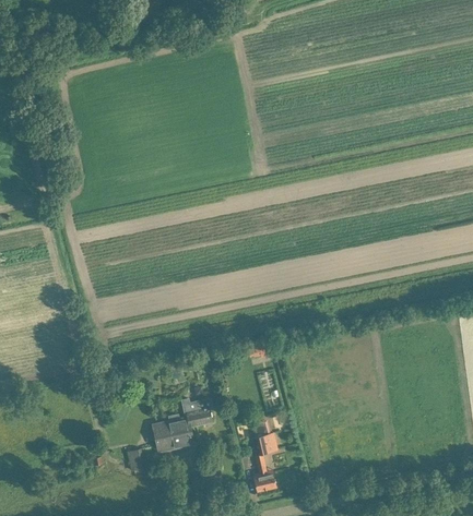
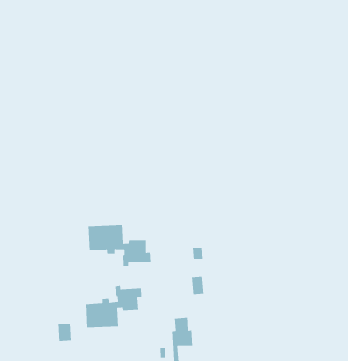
building: none -> [87,224,152,267]

